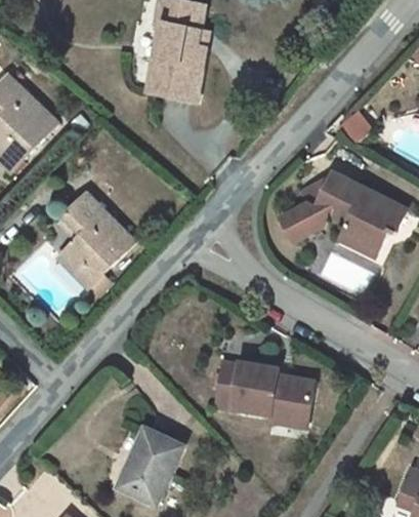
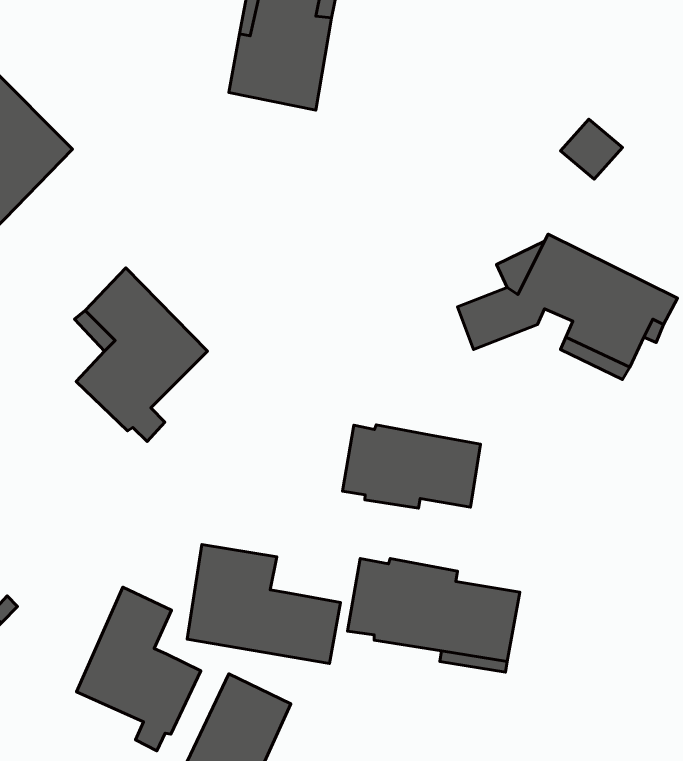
building: none -> [343,425,481,508]
building: none -> [187,545,341,663]
building: none -> [77,587,201,751]

